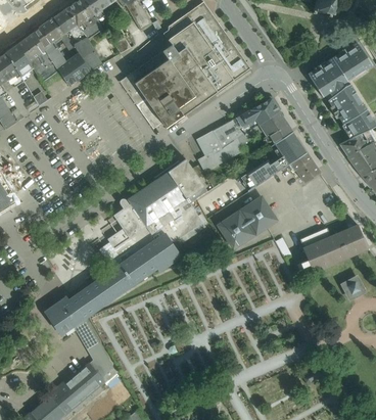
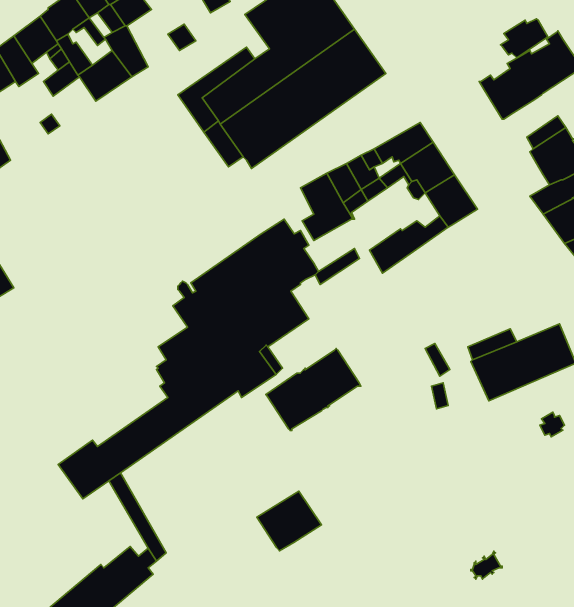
building: [327,84,357,108] -> [500,19,548,58]
building: [290,153,320,183] -> none
building: [218,197,277,248] -> [266,349,361,430]
building: none -> [257,491,322,551]

